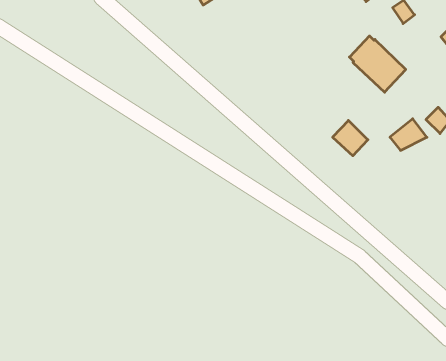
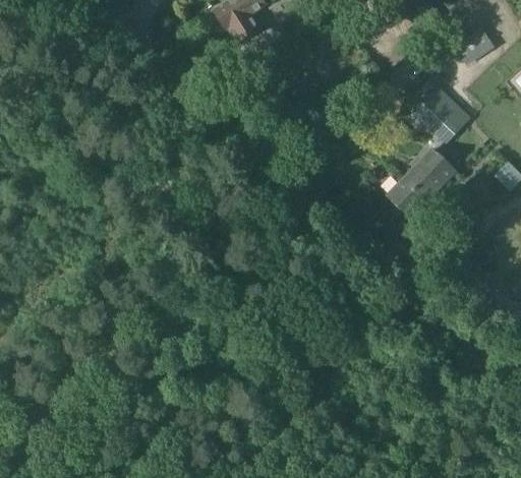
building: none -> [405,147,456,198]

